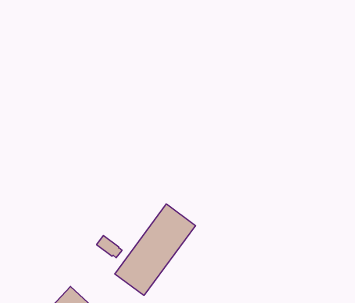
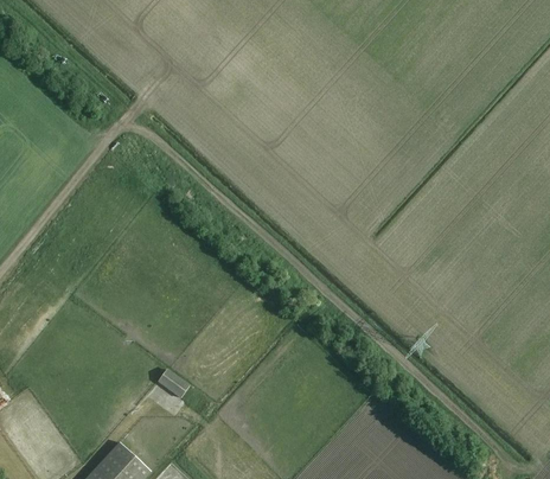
building: [115,204,195,295] -> none

